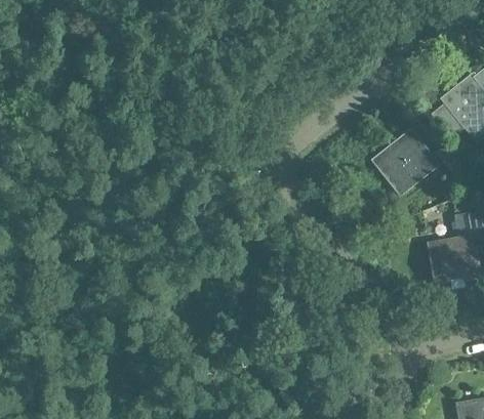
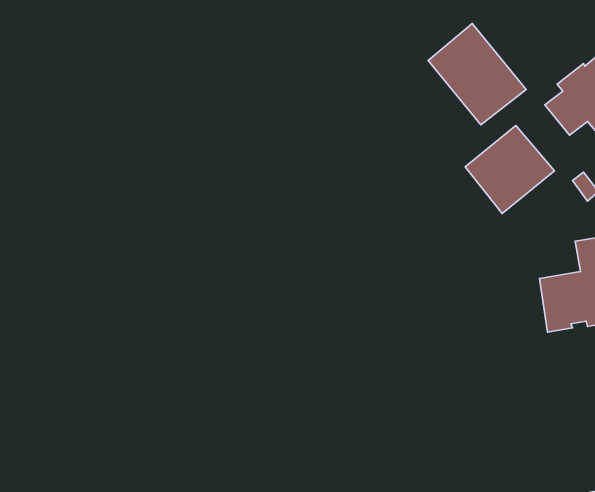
building: none -> [428,23,526,125]

